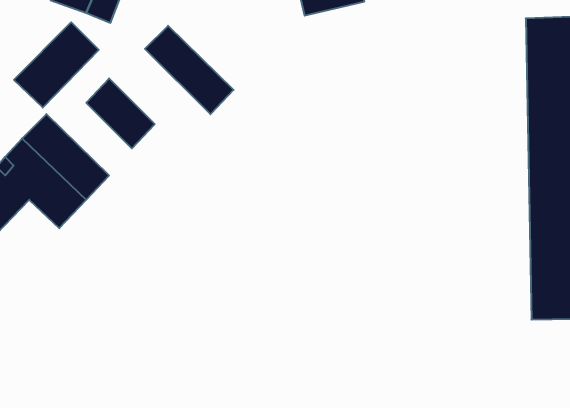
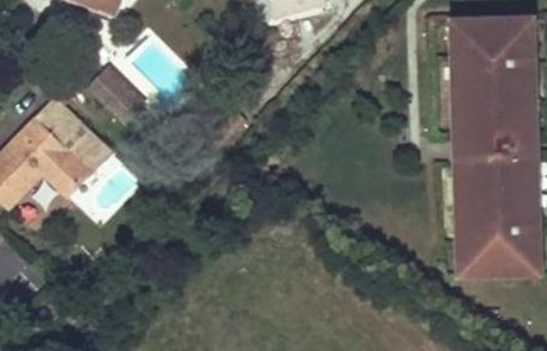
building: [14,22,99,108] -> none
building: [145,26,234,114] -> none

